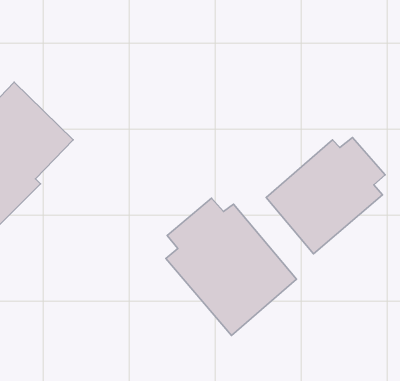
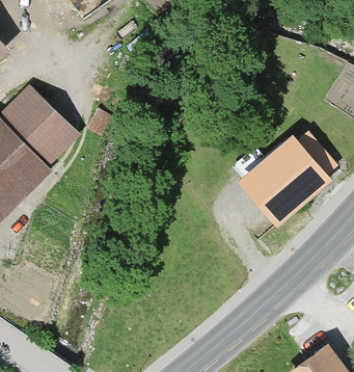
building: [166,198,297,335] -> none

